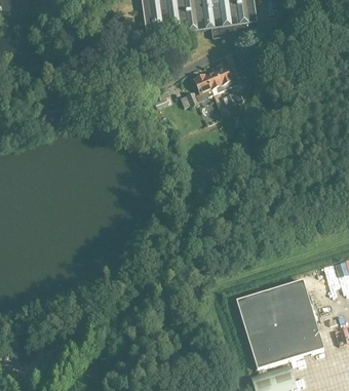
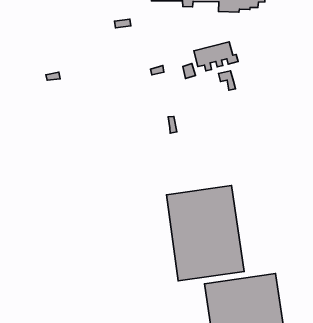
building: none -> [166,186,244,281]

